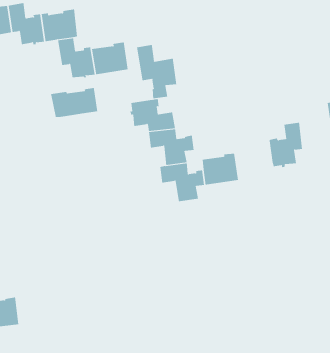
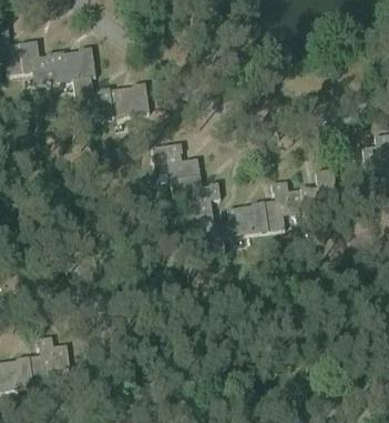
building: [136,44,177,99] -> none
building: [51,87,98,118] -> none
building: none -> [264,182,304,232]
building: none -> [29,338,70,387]

